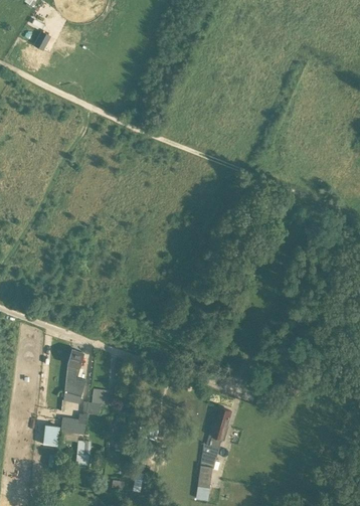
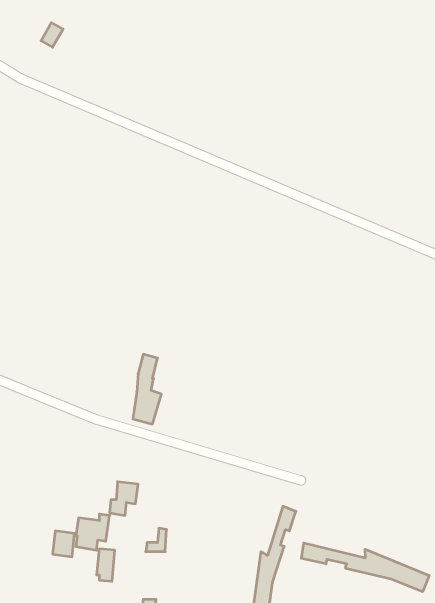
building: [63,348,85,402] -> [133,354,161,424]
building: none -> [301,543,429,592]

